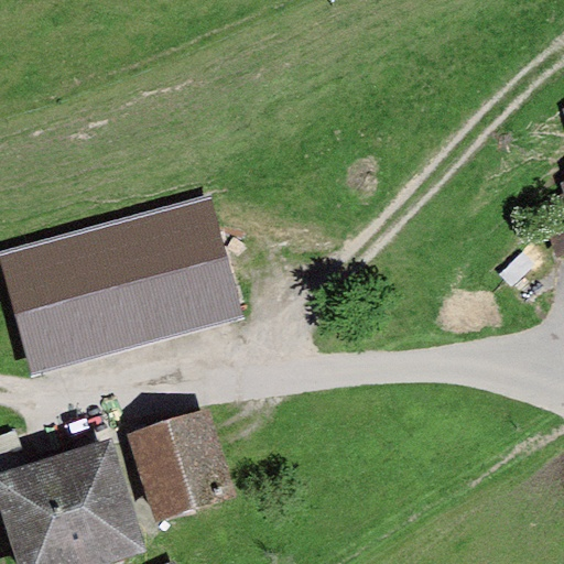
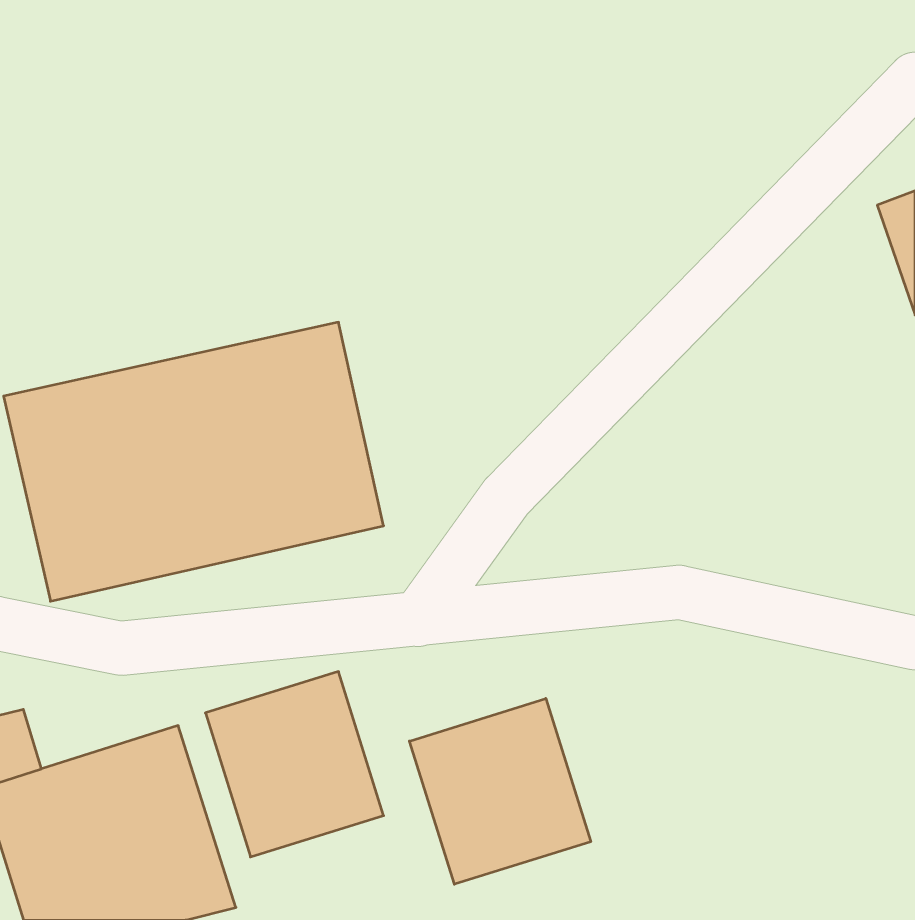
building: none -> [409,698,591,884]

